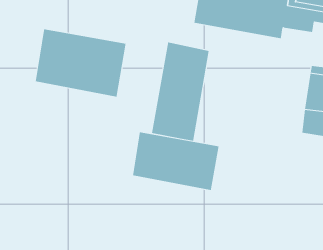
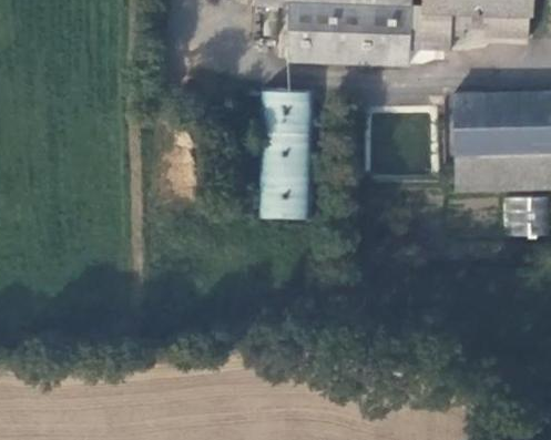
building: [35,28,126,98] -> none
building: [133,132,219,191] -> none

